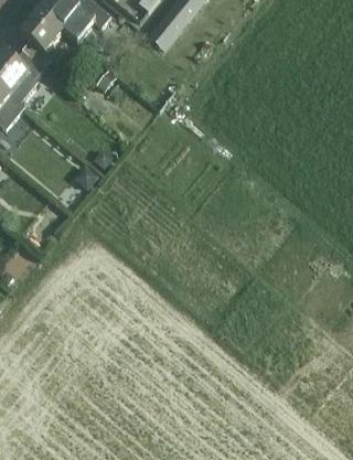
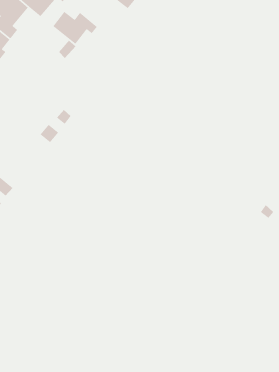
building: none -> [52,11,98,45]

